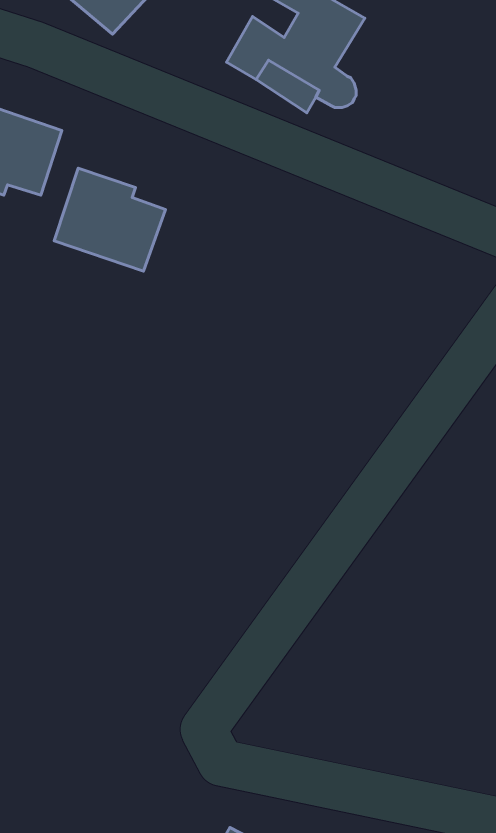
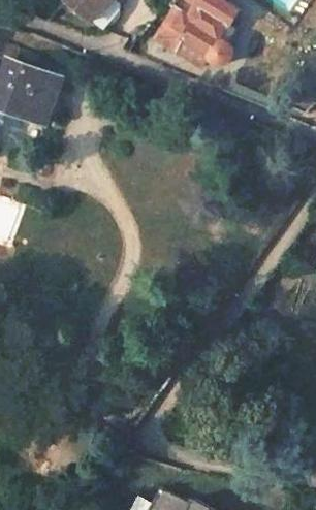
building: [54,168,166,271] -> none

